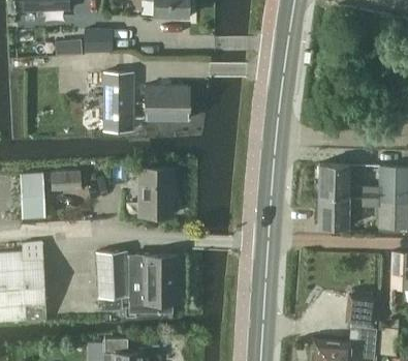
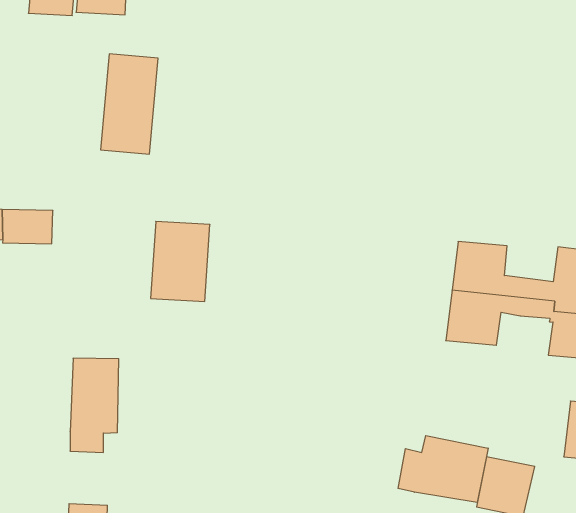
building: [146,89,190,122] -> none
building: [128,255,178,312] -> none
building: none -> [398,436,488,502]

